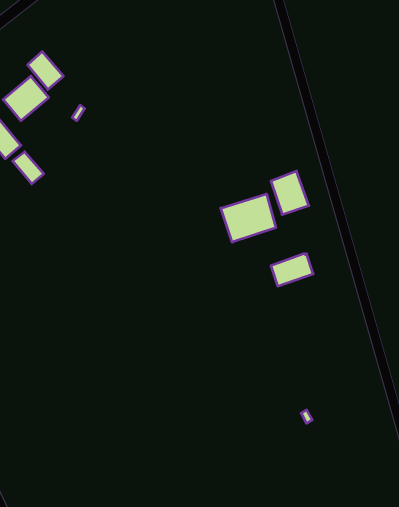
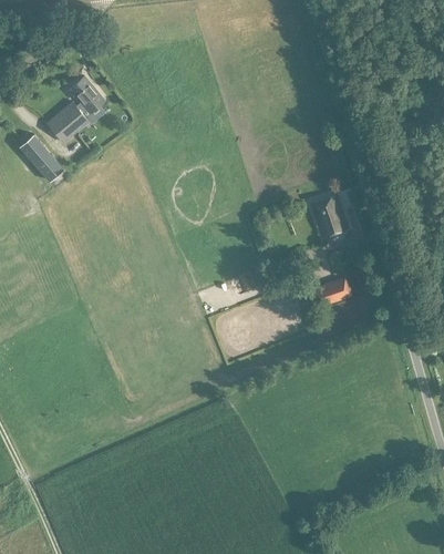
building: [13,152,44,184] -> none
building: [221,194,276,242] -> none

